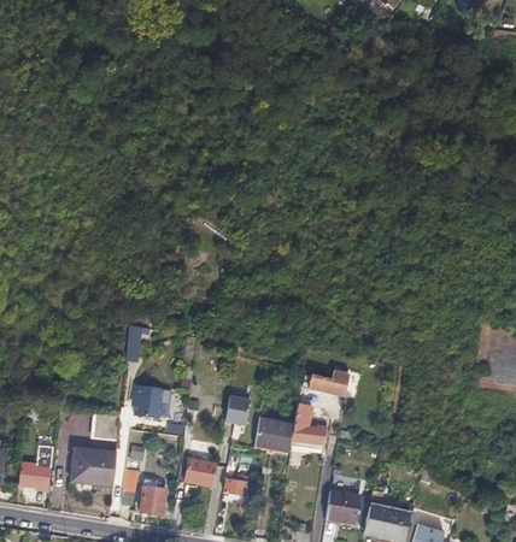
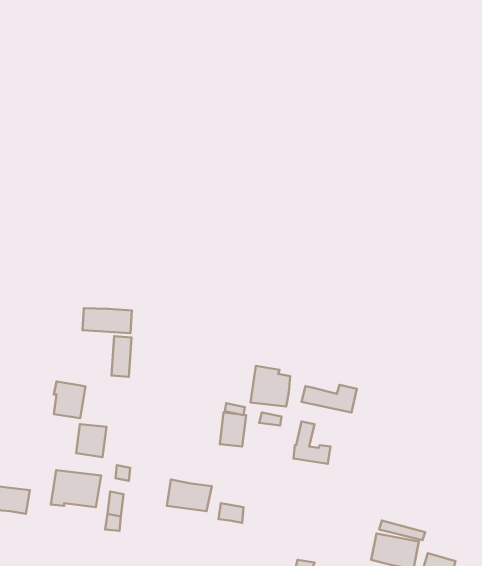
building: none -> [83,308,132,333]
building: [135,383,164,417] -> [54,381,85,418]
building: [256,413,292,450] -> [250,366,290,407]
building: [142,484,168,514] -> none
building: [326,491,358,523] -> none

